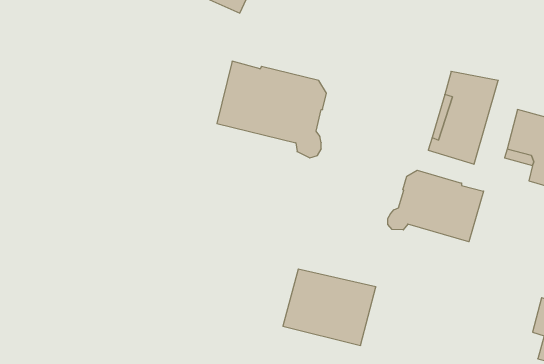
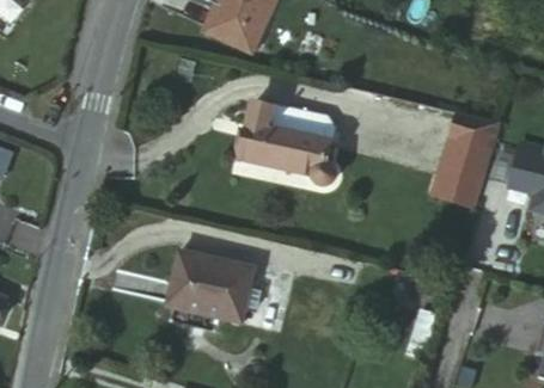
building: [388,170,484,242] -> none
building: [283,269,376,345] -> [178,251,265,322]

